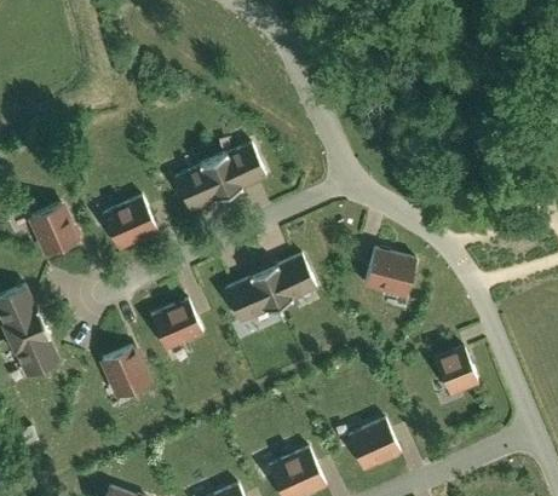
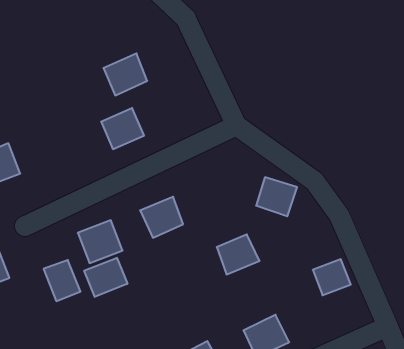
building: [212,142,266,194] -> [103,53,147,95]
building: [103,196,157,247] -> none
building: [263,254,316,304] -> [217,234,260,274]
building: none -> [84,258,127,297]

